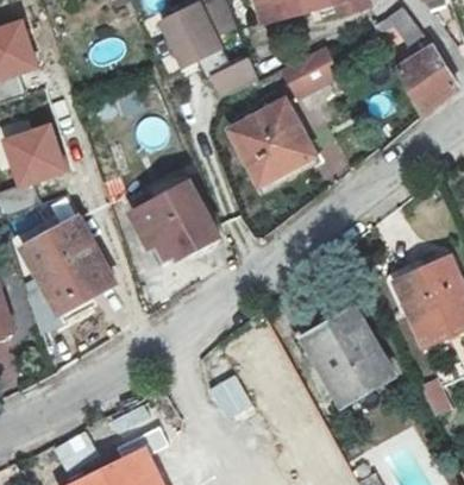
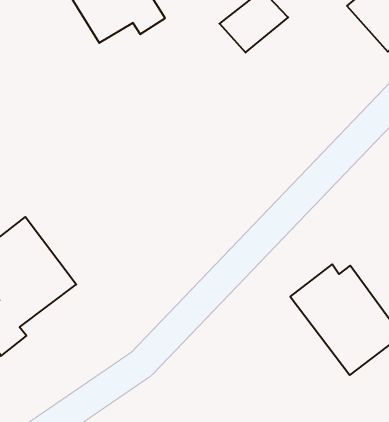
building: [206,57,258,100] -> none
building: [220,107,306,191] -> none
building: [133,182,220,260] -> none

